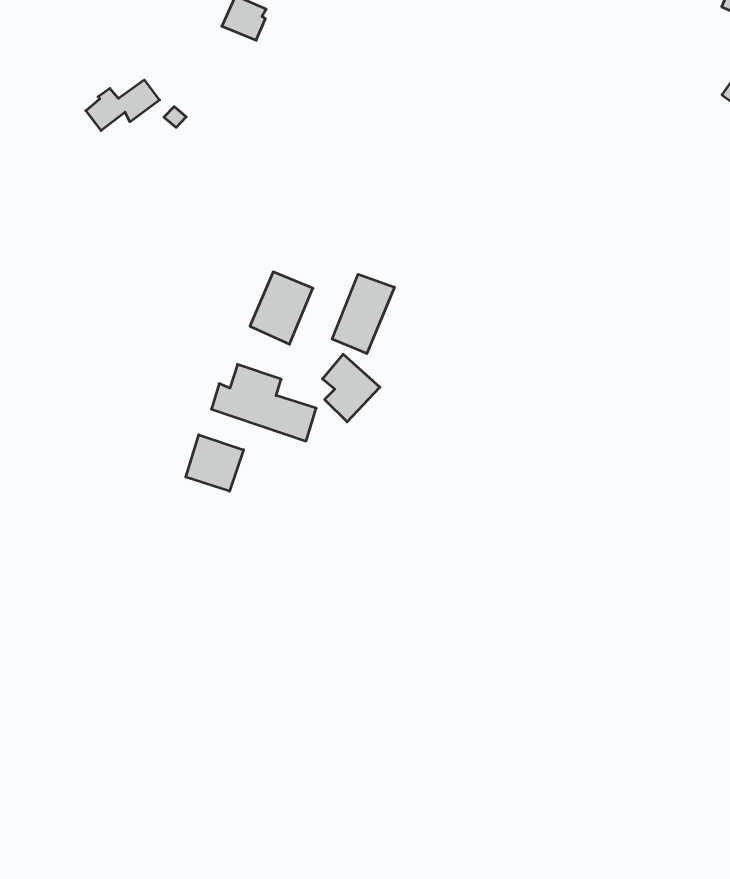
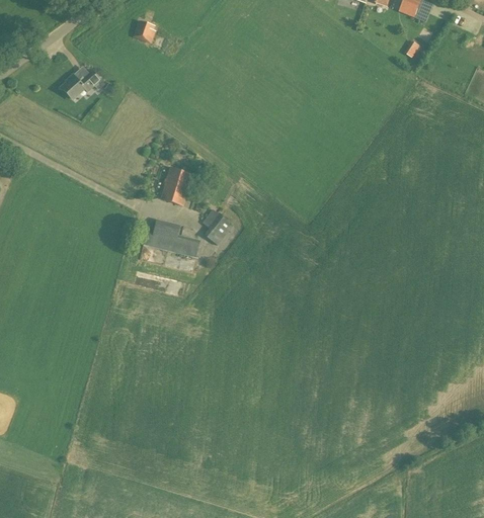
building: [332,274,394,354] -> none
building: [186,435,244,491] -> none

